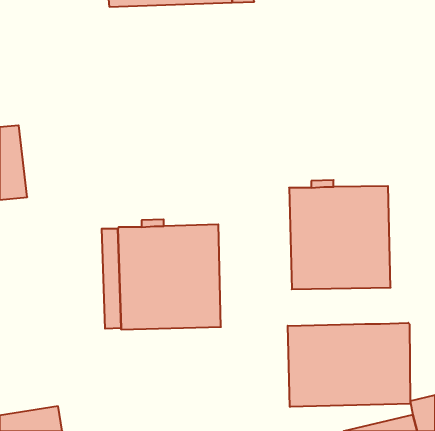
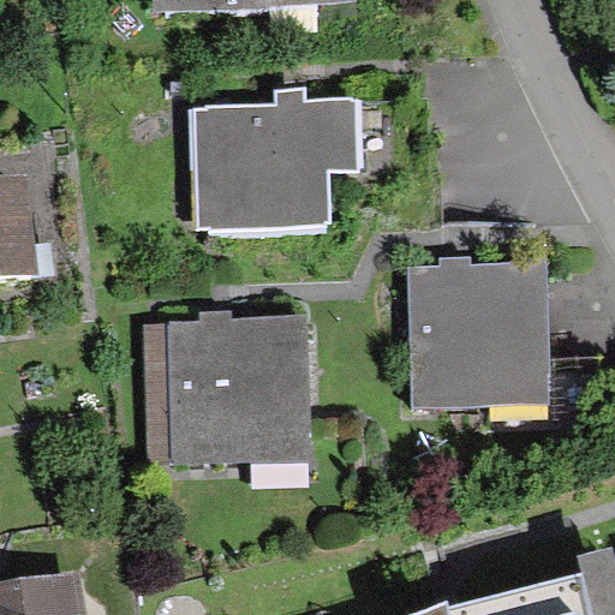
building: none -> [192,90,362,232]
building: [288,323,410,407] -> none

